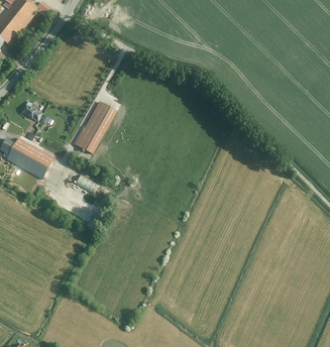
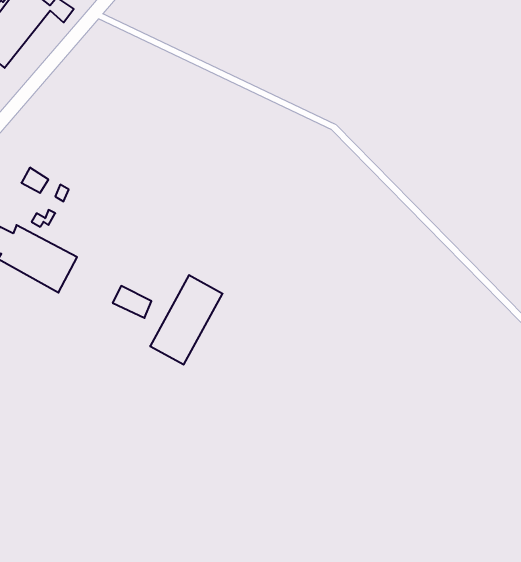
building: [75,100,118,153] -> [150,275,223,365]

